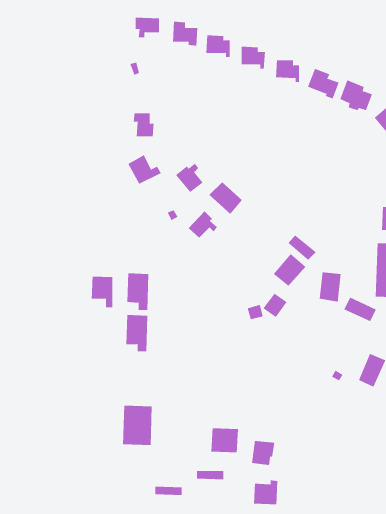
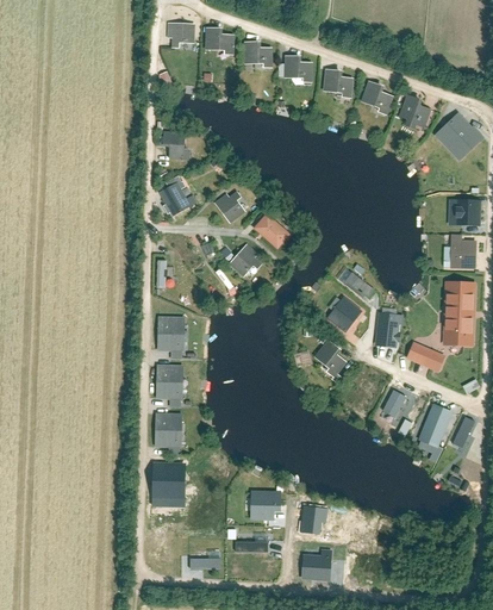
building: [91,276,113,308] -> none
building: none -> [379,387,407,421]
building: none -> [152,410,180,453]

